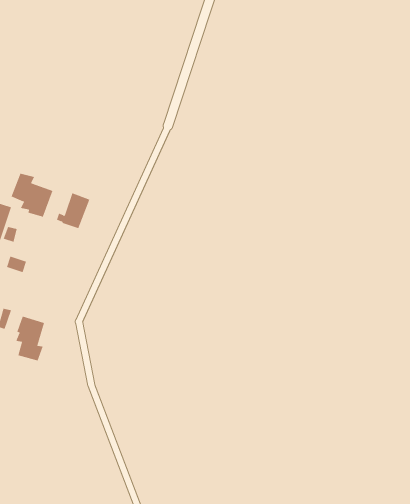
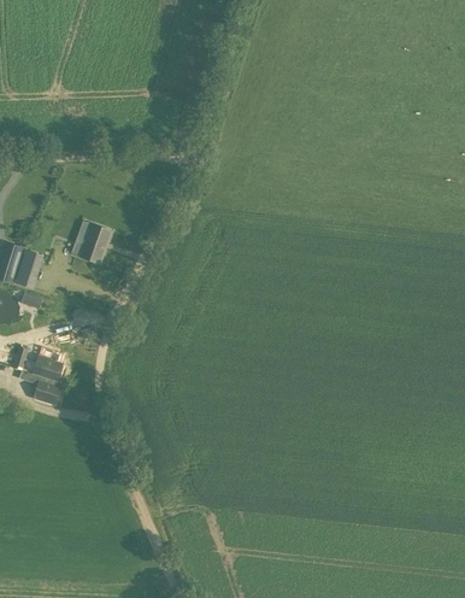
building: [11,173,53,218] -> none

